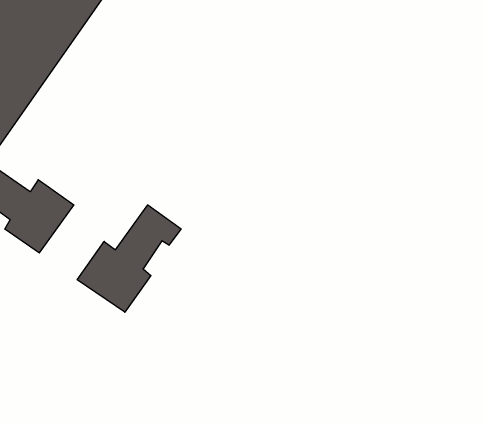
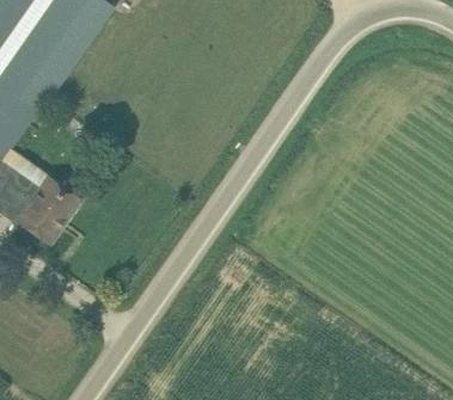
building: [77,205,181,312] -> none

